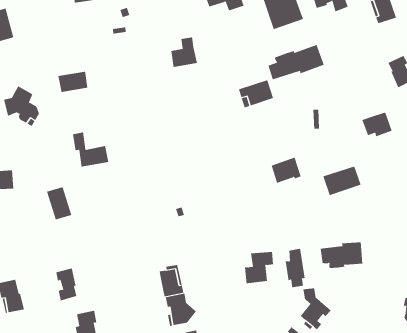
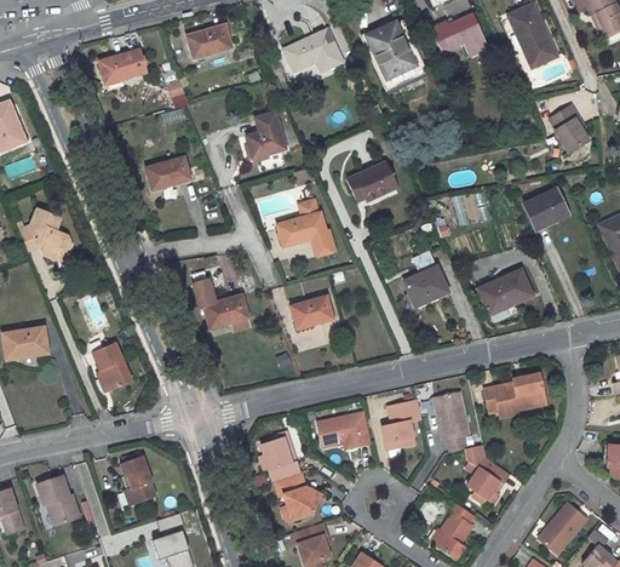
building: [267,44,325,80] -> none
building: [58,71,88,93] -> [145,156,190,190]
building: none -> [276,200,334,256]
building: [72,132,109,167] -> [193,279,248,328]
building: none -> [291,296,333,328]
building: none -> [318,416,373,449]

